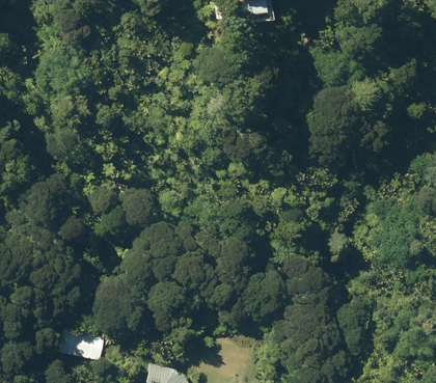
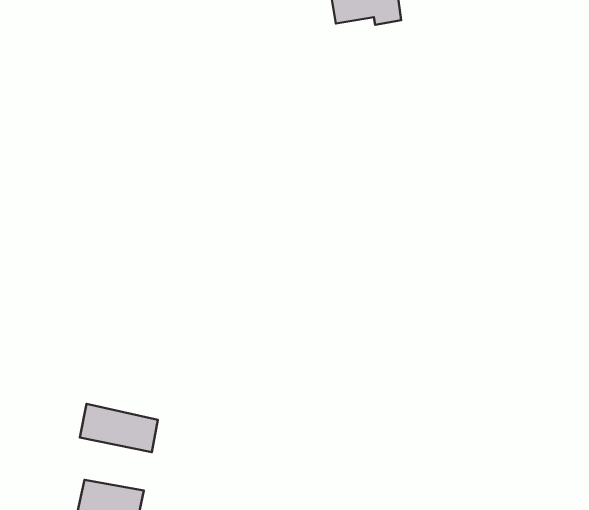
building: none -> [80,404,158,452]

